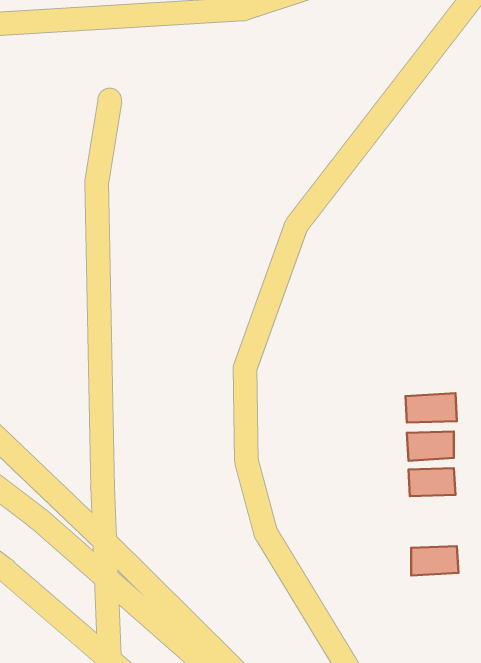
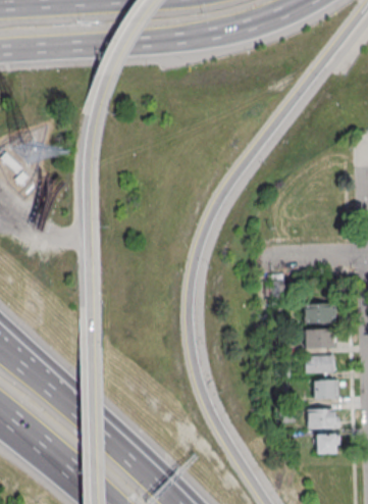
building: none -> [313,381,339,400]
building: none -> [316,435,336,455]

